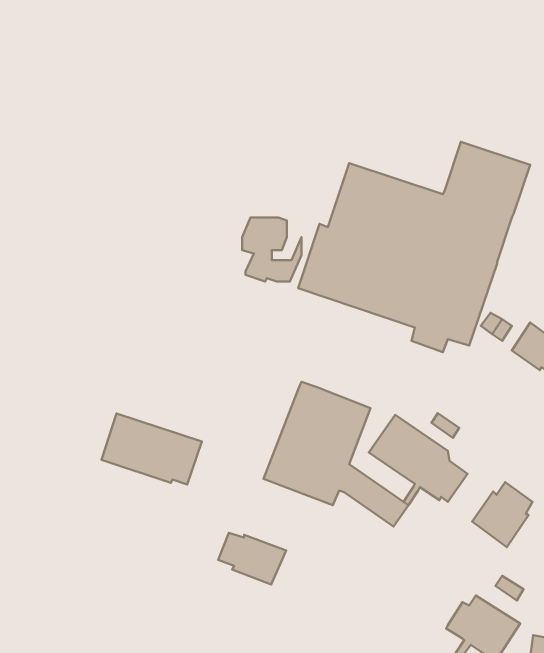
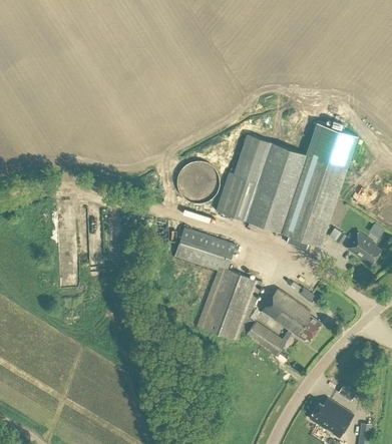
building: [102,414,202,484] -> [175,228,237,271]
building: [472,482,533,547] -> none
building: [218,533,286,584] -> none

